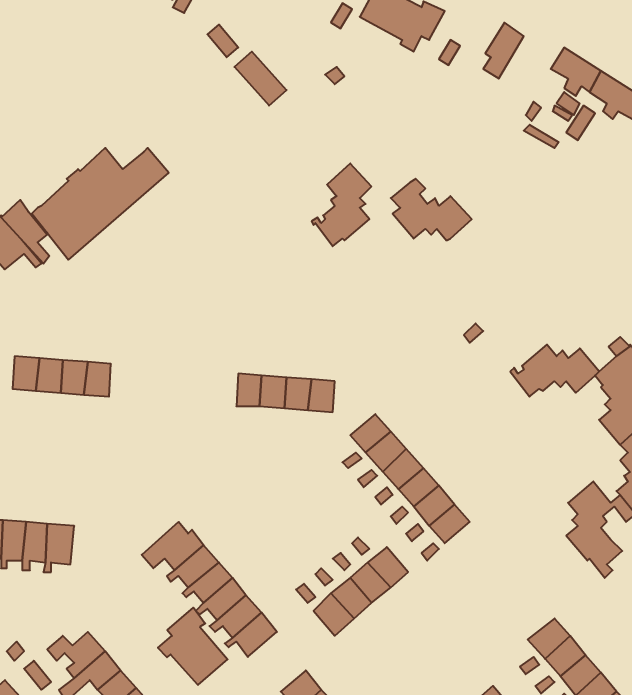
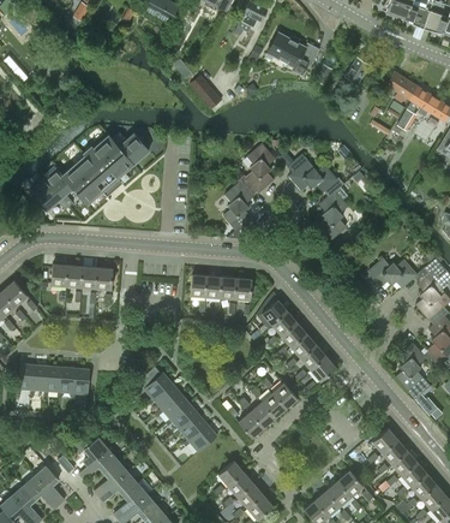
building: none -> [318,176,348,238]
building: none -> [223,180,257,237]
building: [158,608,228,685] -> none

